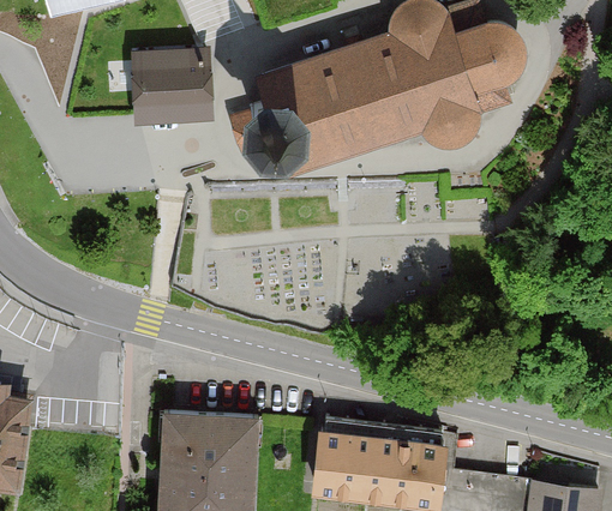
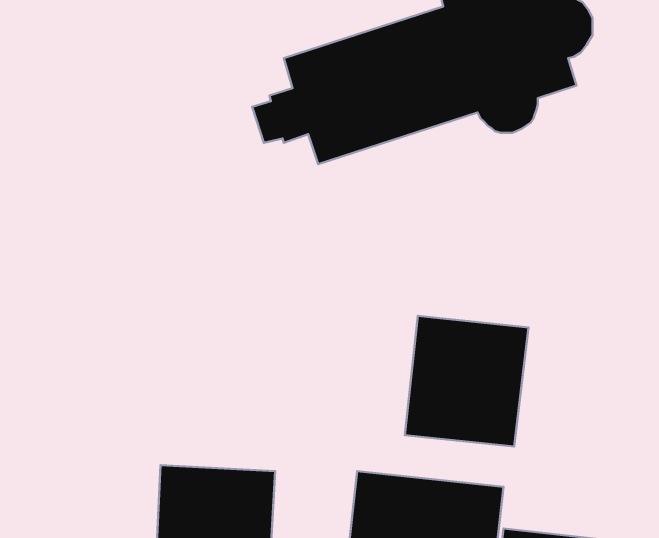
building: [137,52,211,118] -> none
building: none -> [405,316,529,446]

